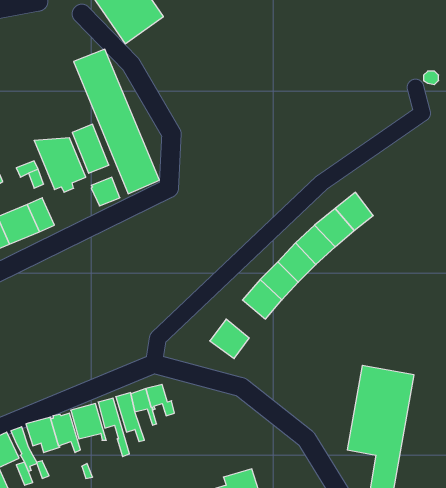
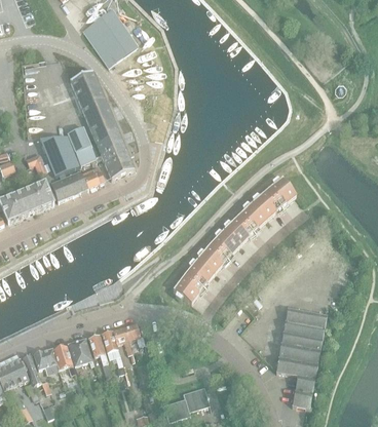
building: none -> [50,170,88,201]
building: none -> [184,259,214,287]

